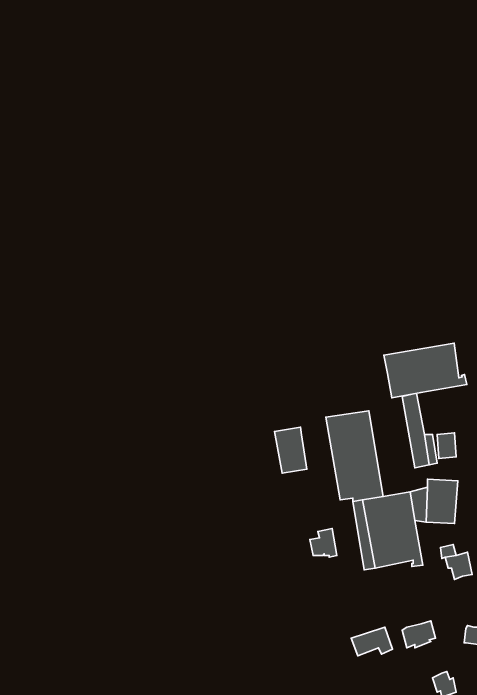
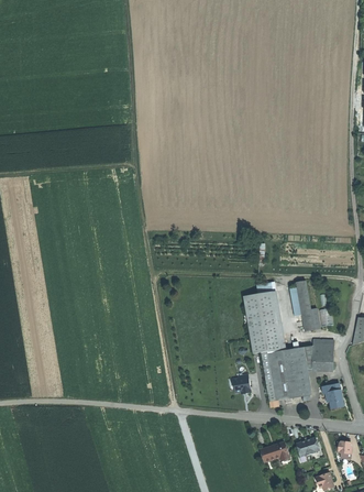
building: [384,343,467,398] -> none
building: [274,427,307,473] -> none

